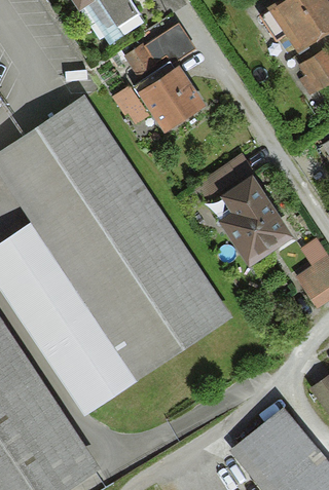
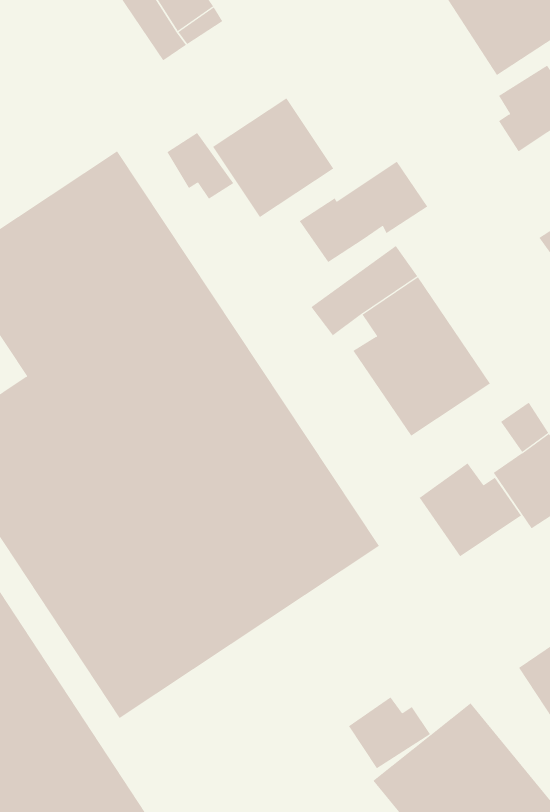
building: [122,22,195,79] -> [299,161,428,263]
building: none -> [419,462,522,557]
building: none -> [348,697,431,769]

